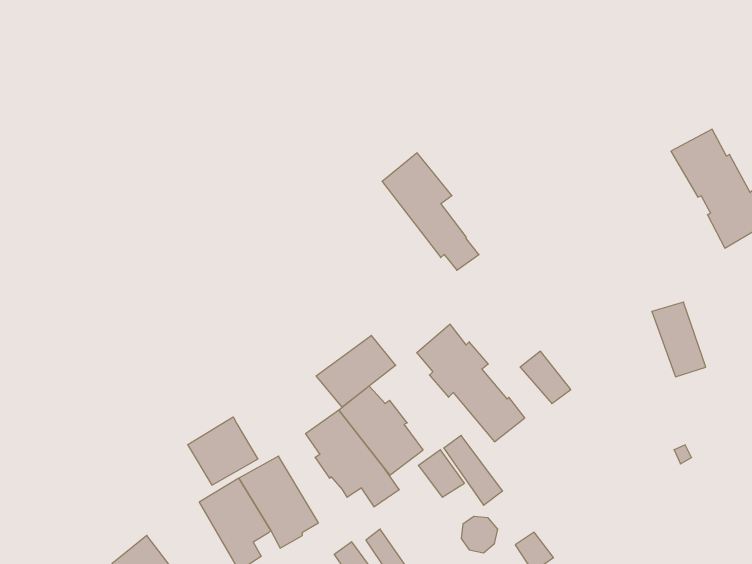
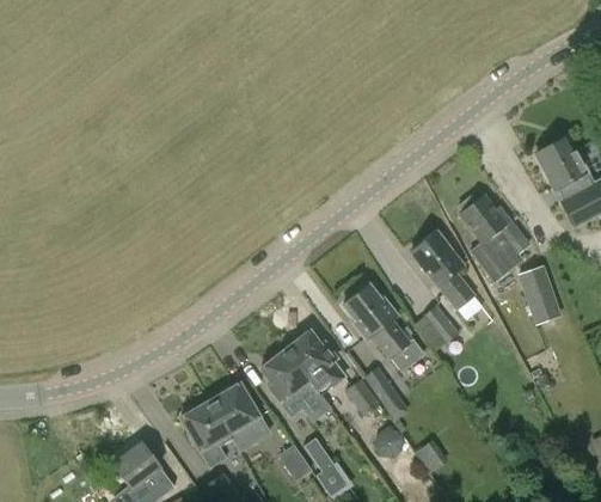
building: [382,153,479,270] -> [410,231,483,319]
building: none -> [458,195,523,282]
building: [316,335,396,407] -> none
building: [188,417,258,485] -> none

